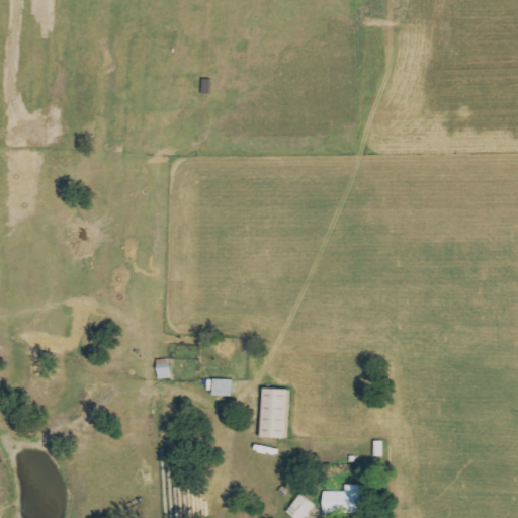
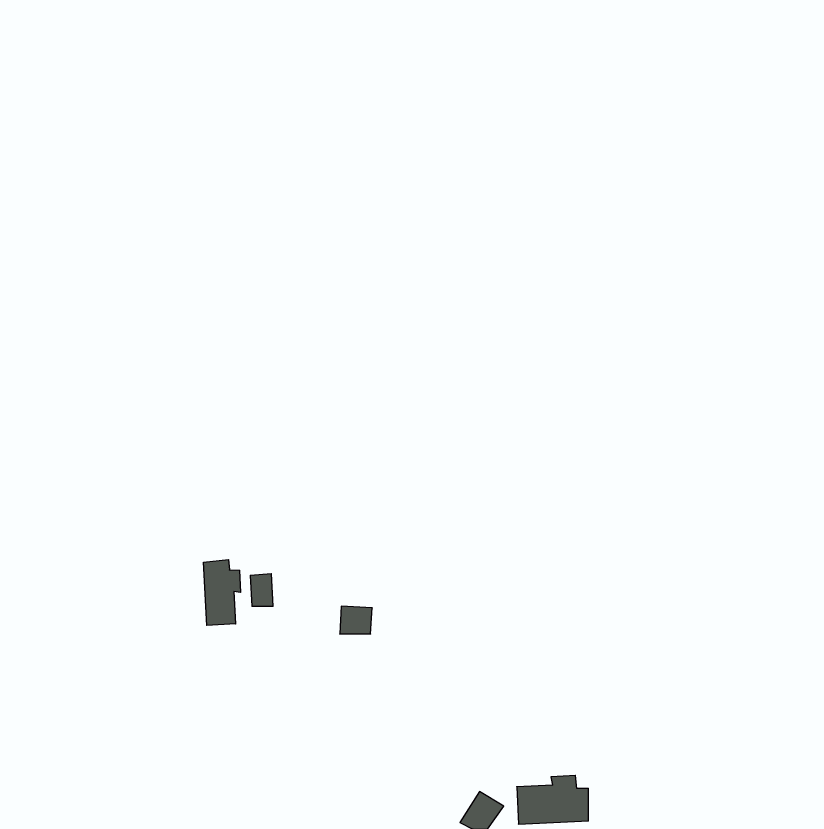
building: none -> [204,560,240,625]
building: [260,387,287,438] -> none

